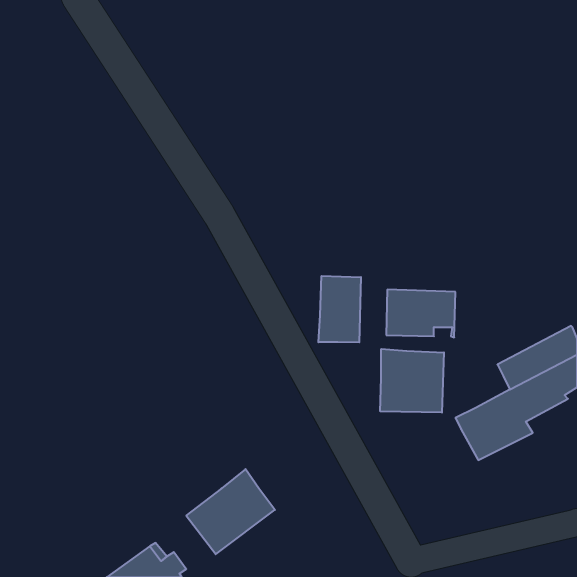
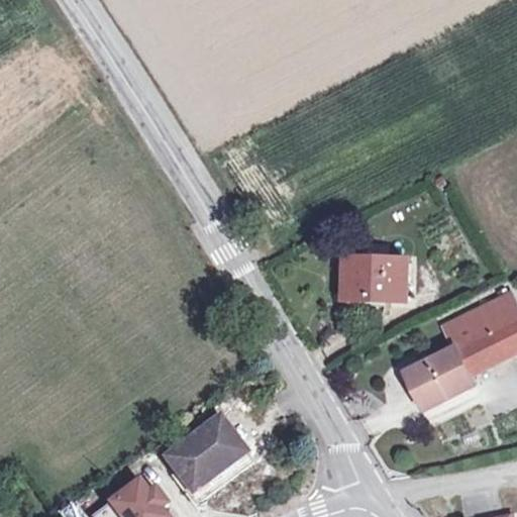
building: [318,276,361,342] -> none
building: [380,349,444,413] -> none

